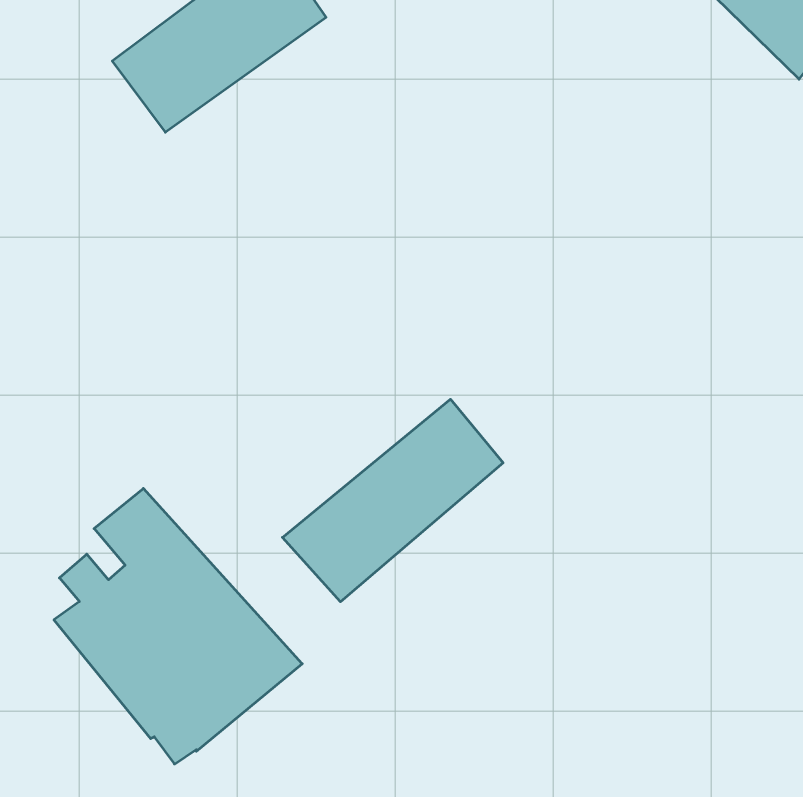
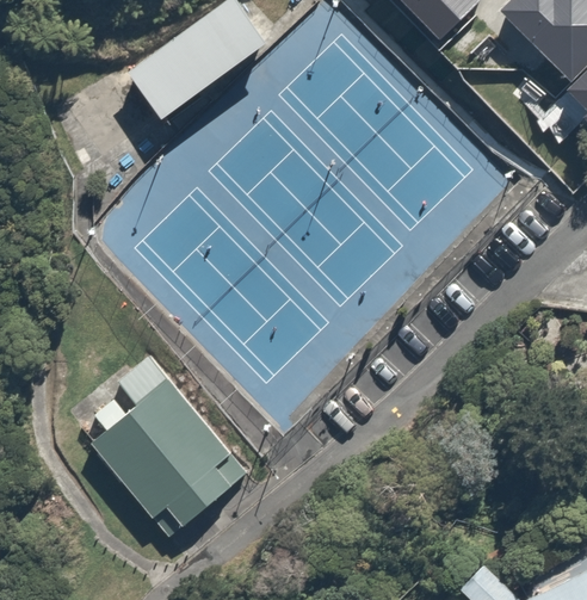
building: [282,399,503,602] -> none

